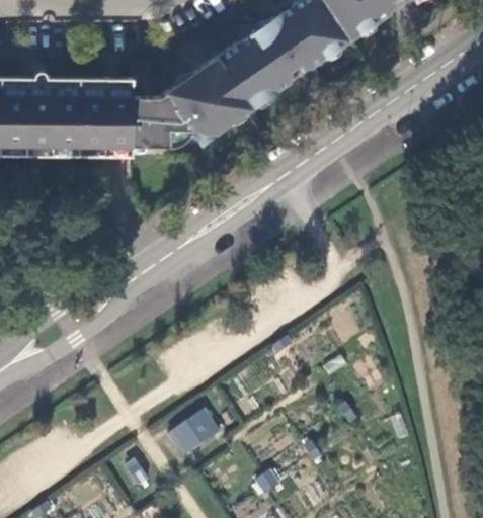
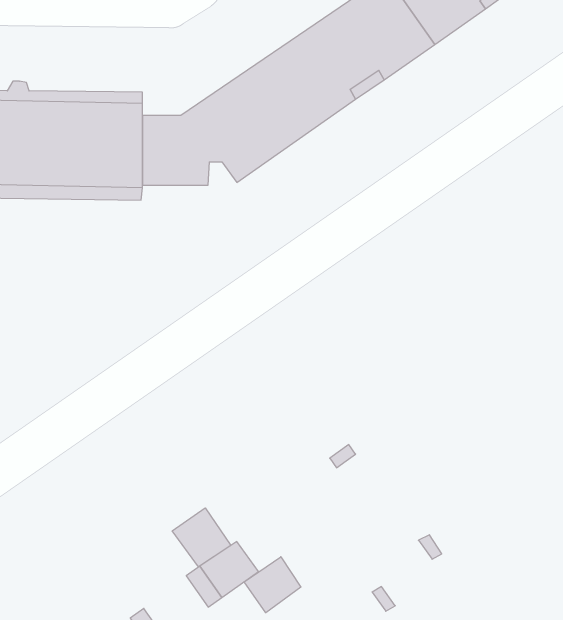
building: none -> [172,508,231,567]
building: none -> [244,557,301,613]

